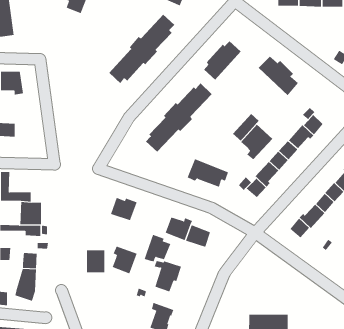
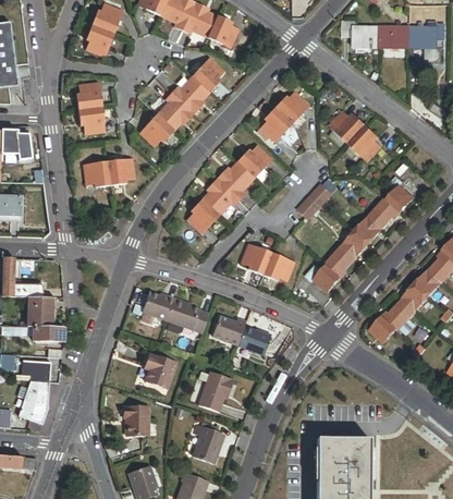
building: none -> [76,82,106,133]
building: none -> [83,157,135,186]
building: [240,124,273,160] -> none
building: [144,234,171,262] -> [166,296,200,331]
building: [86,250,105,273] -> [124,405,148,435]

